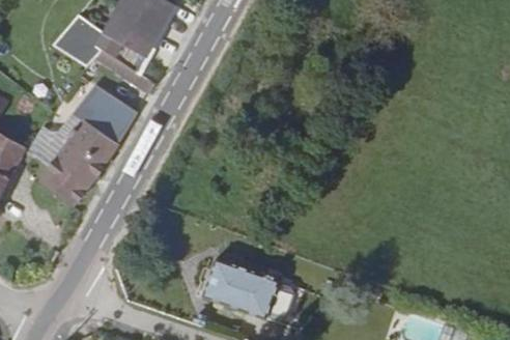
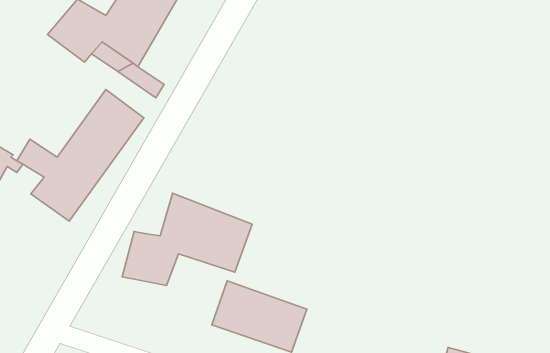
building: none -> [122,193,252,285]

